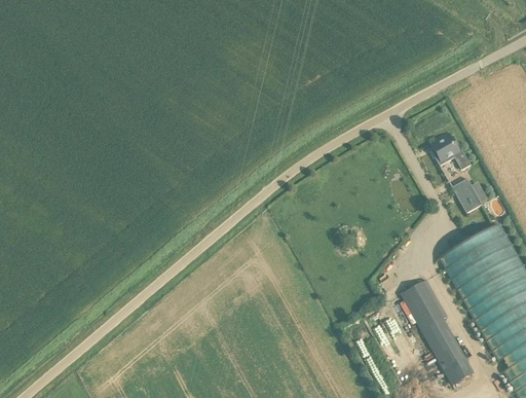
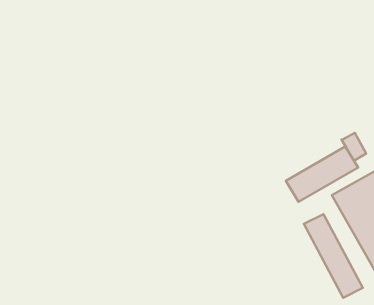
building: [429,133,469,170] -> none
building: none -> [286,147,358,202]

